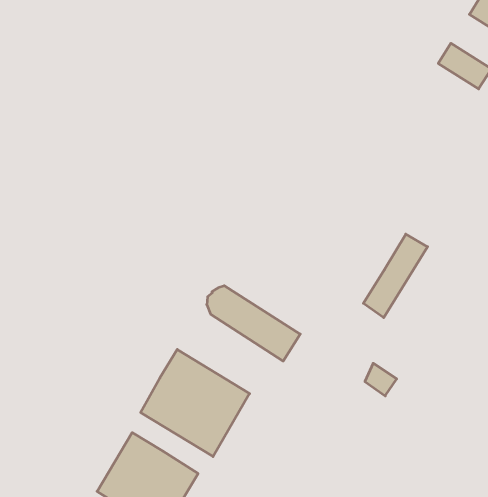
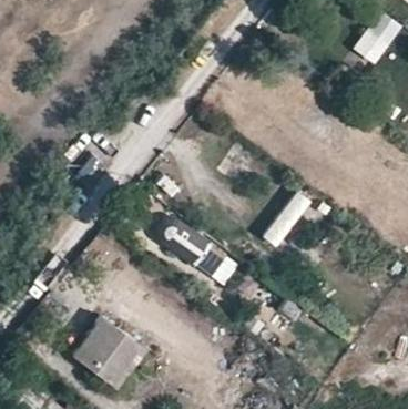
building: [141,349,250,457] -> none

